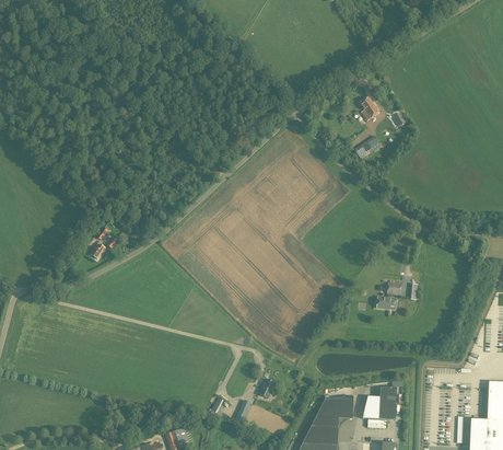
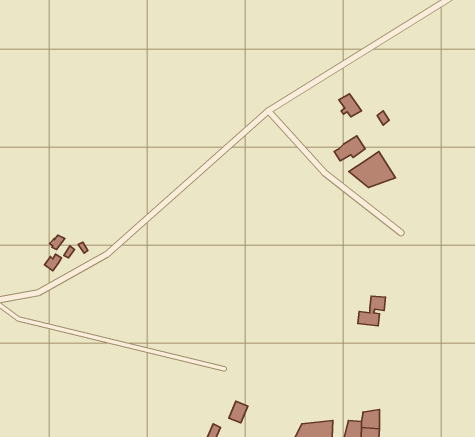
building: none -> [349,151,396,188]

